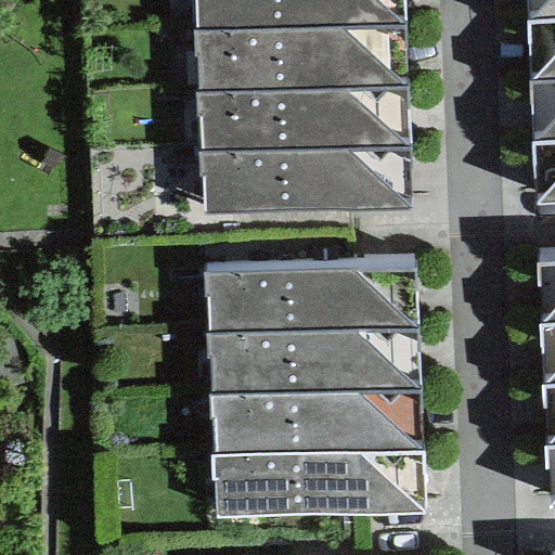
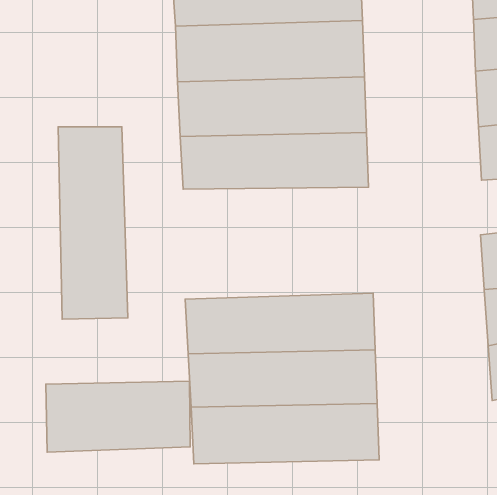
building: none -> [58,127,128,319]
building: [204,269,416,333] -> none
building: none -> [46,381,190,452]

